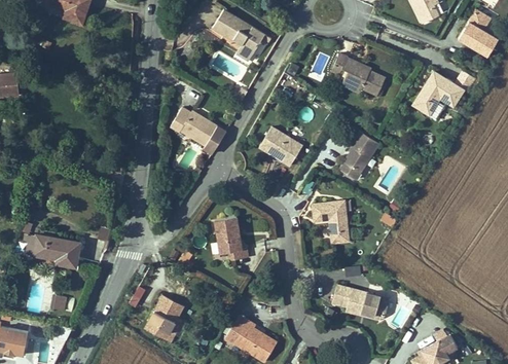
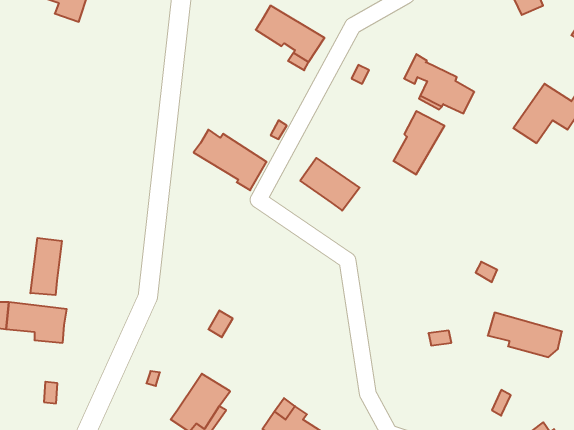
building: [338,131,377,179] -> [393,111,445,174]
building: none -> [30,238,62,295]
building: [310,199,348,242] -> none
building: [217,214,248,258] -> none
building: [332,284,389,318] -> [488,313,562,357]

